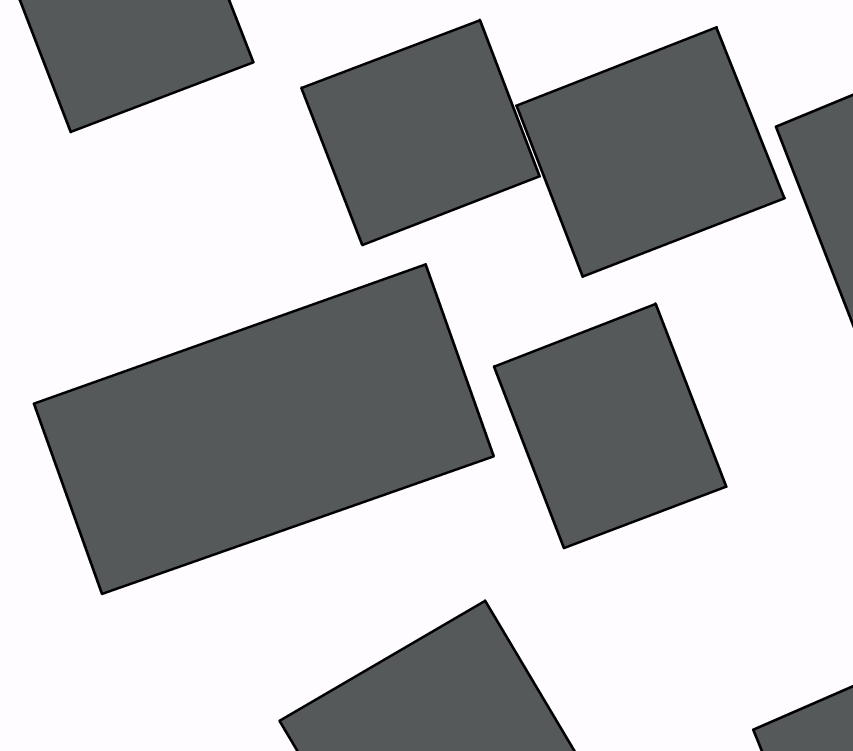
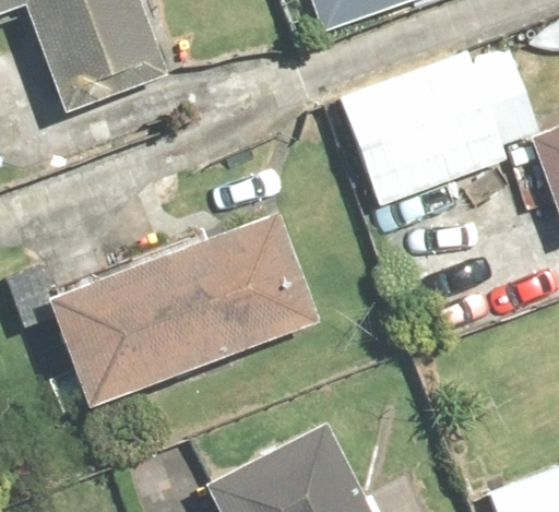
building: [302,20,540,245] -> none
building: [494,304,726,548] -> none

